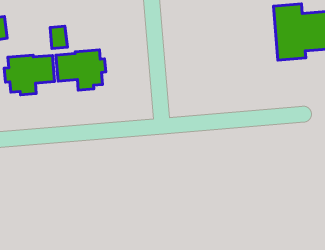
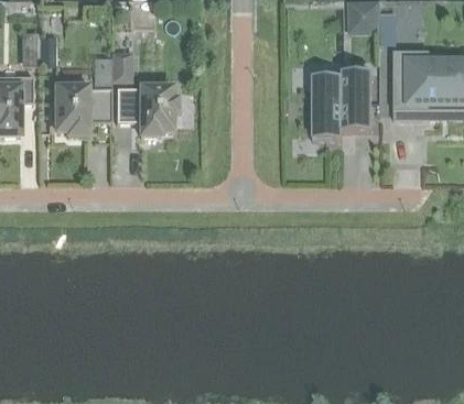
building: none -> [312,70,371,139]

